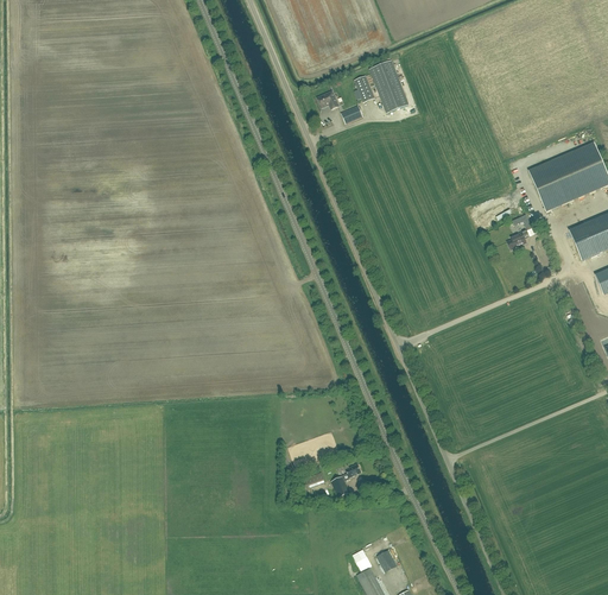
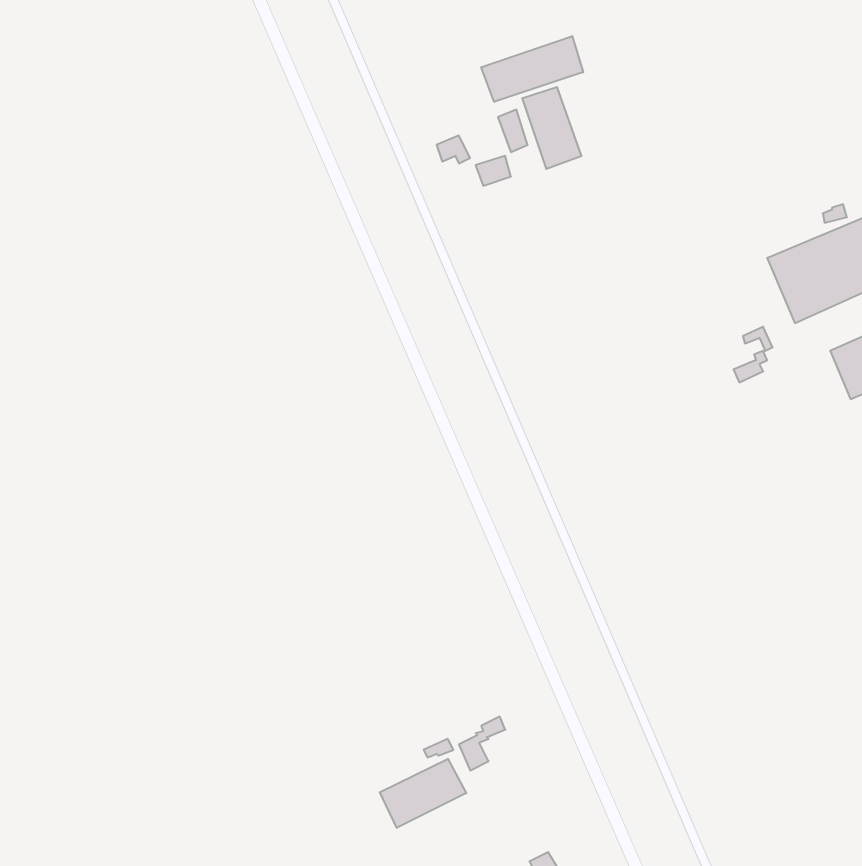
building: none -> [481,36,583,102]
building: none -> [380,759,466,828]

